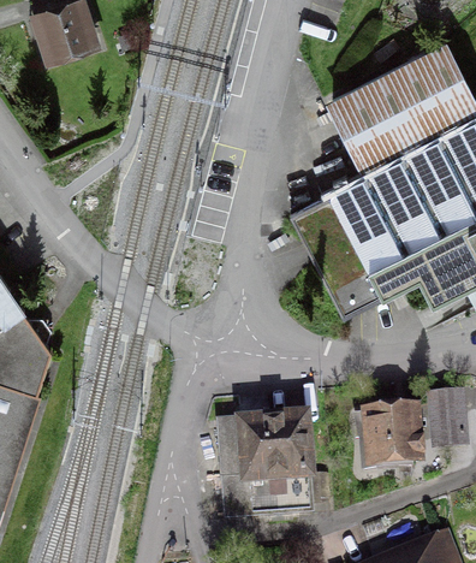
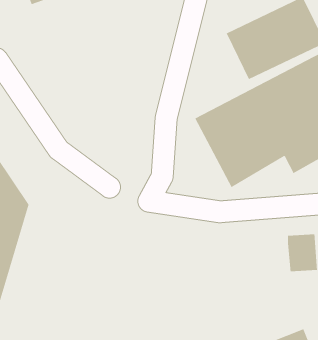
building: [357,403,429,472] -> none
building: [214,410,321,517] -> none

